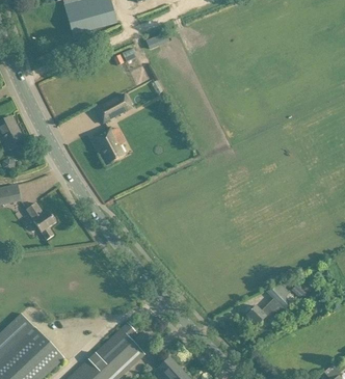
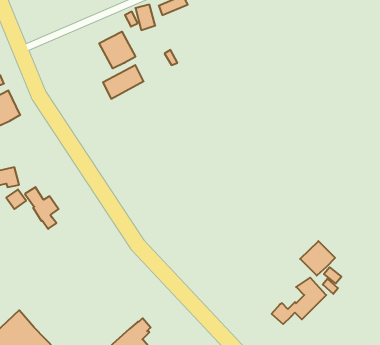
building: none -> [99,32,135,68]
building: [92,128,125,164] -> none
building: none -> [300,241,335,276]

